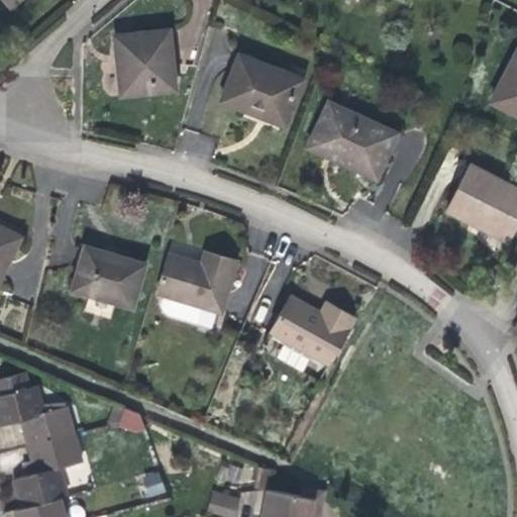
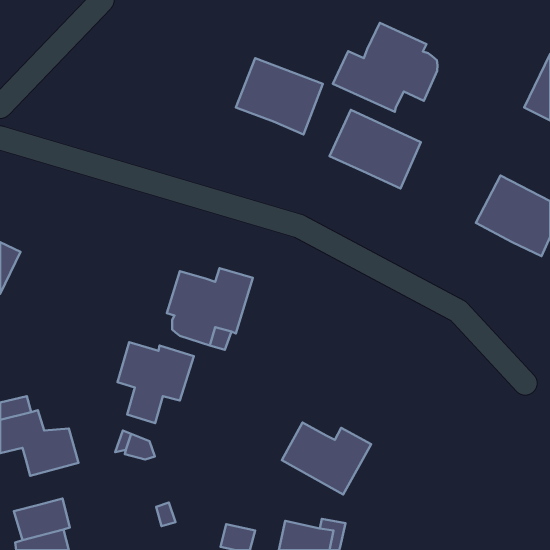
building: none -> [333,23,437,112]
building: [115,29,175,95] -> none
building: [73,251,144,327] -> [117,342,194,423]
building: [271,297,354,365] -> [282,423,371,495]
building: [22,434,81,474] -> none

